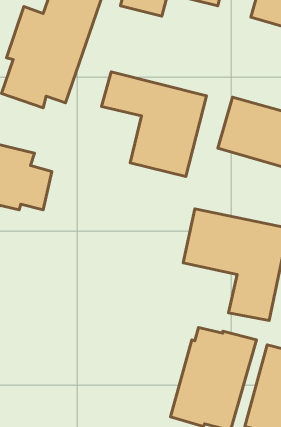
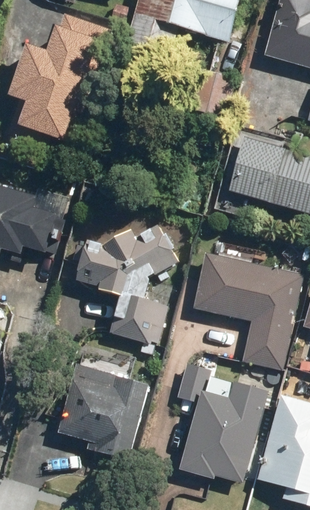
building: [102,72,206,177] -> none
building: none -> [75,224,178,344]
building: none -> [57,364,148,457]

